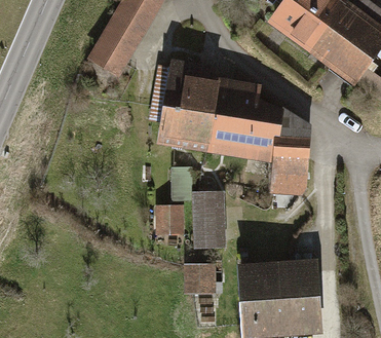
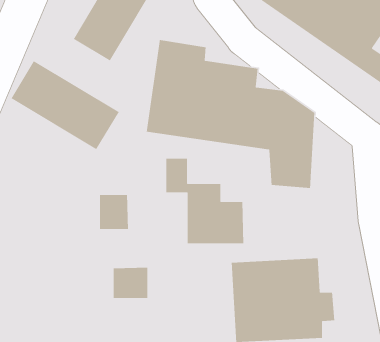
building: none -> [10,60,120,150]
building: [157,203,185,236] -> [99,194,129,230]
building: [185,263,218,293] -> [113,267,148,299]

